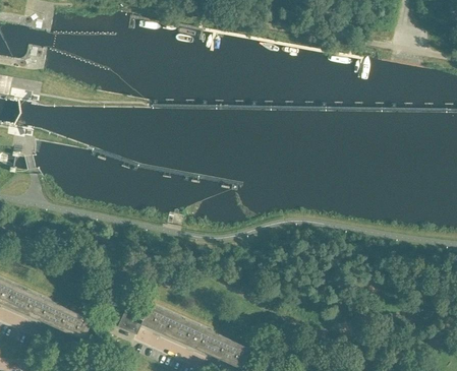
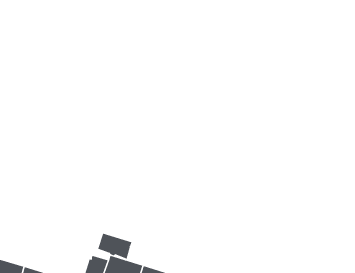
building: none -> [97,233,132,260]

